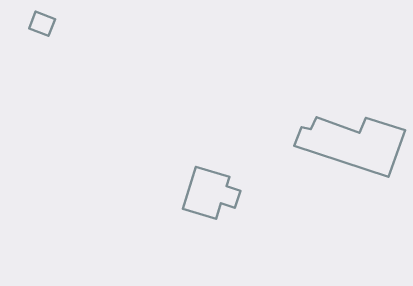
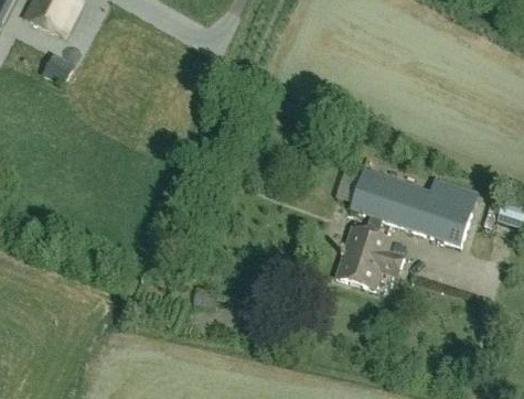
building: [183,167,241,219] -> [335,225,404,287]

